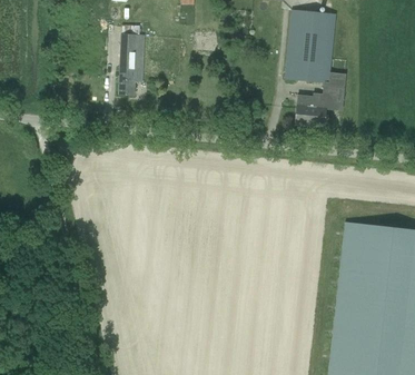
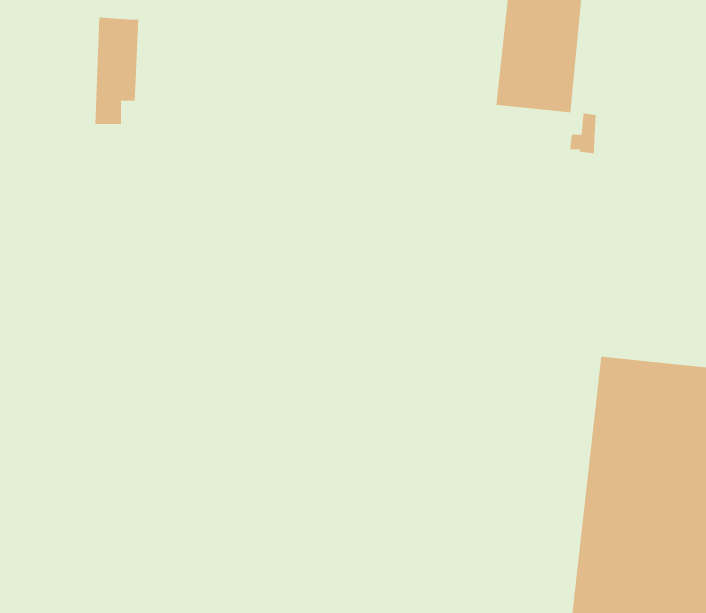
building: [119,33,145,95] -> [95,17,139,124]
building: [296,95,326,127] -> none

